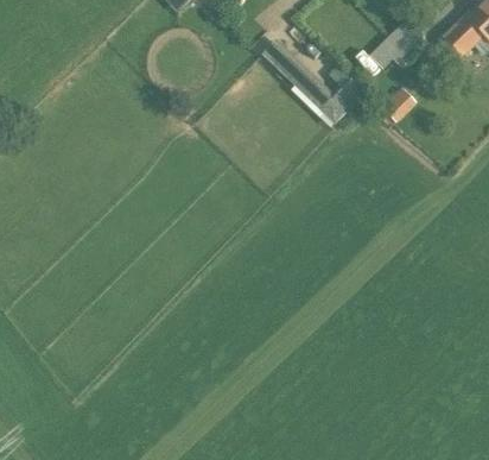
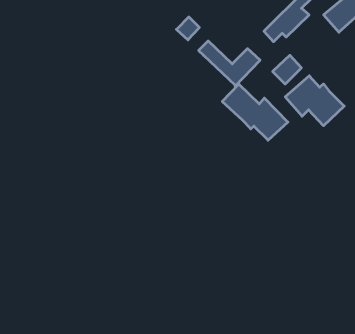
building: none -> [285,76,344,126]
building: none -> [222,84,288,140]

